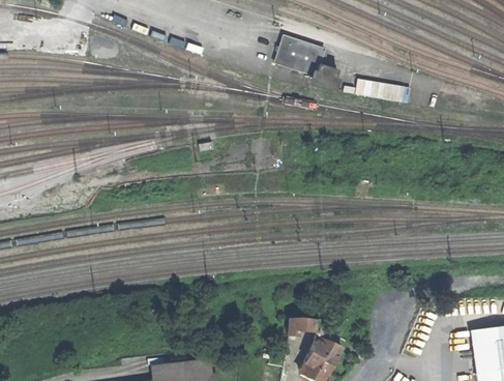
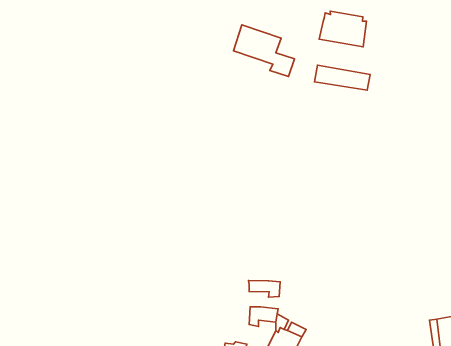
building: none -> [319,11,366,47]
building: none -> [248,280,280,297]

